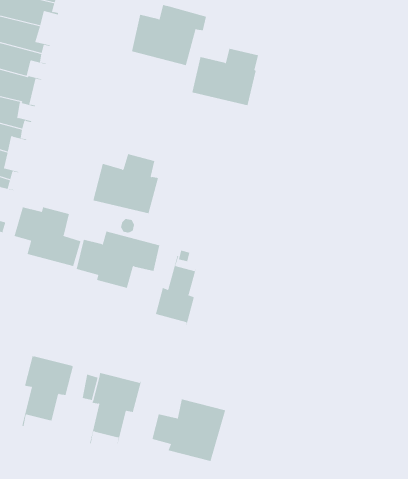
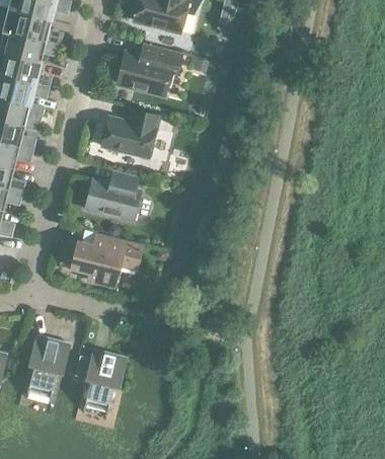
building: [191,48,259,106] -> [101,109,158,158]
building: [14,206,81,267] -> none
building: [155,255,199,326] -> none
building: [152,398,226,462] -> none

